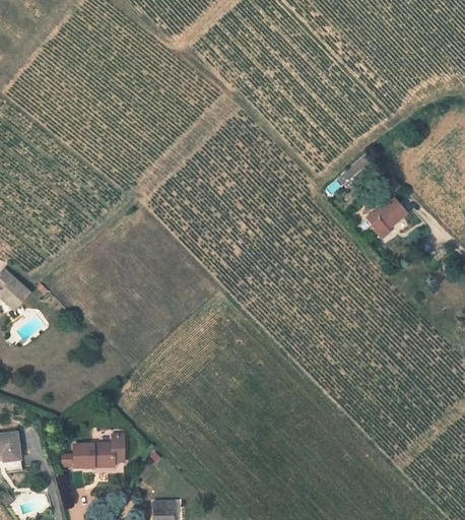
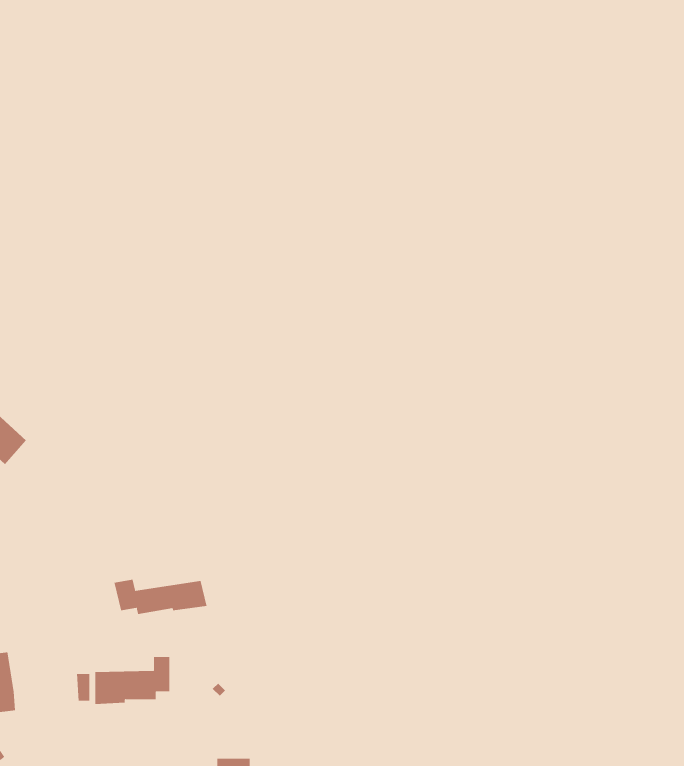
building: [367,197,407,239] -> none
building: none -> [114,579,207,615]

